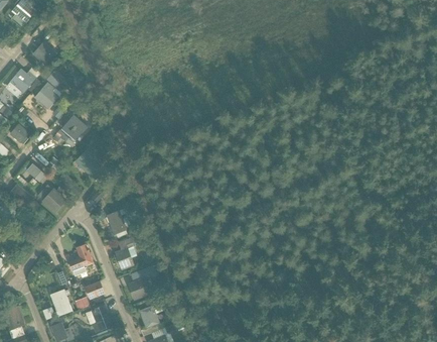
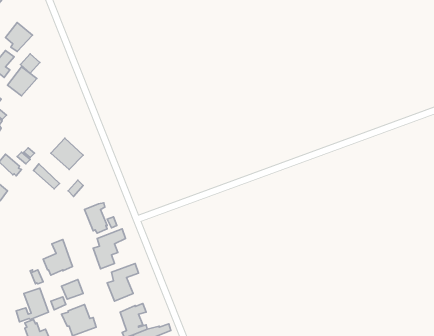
building: [51,117,85,147] -> none
building: [36,185,65,213] -> none

